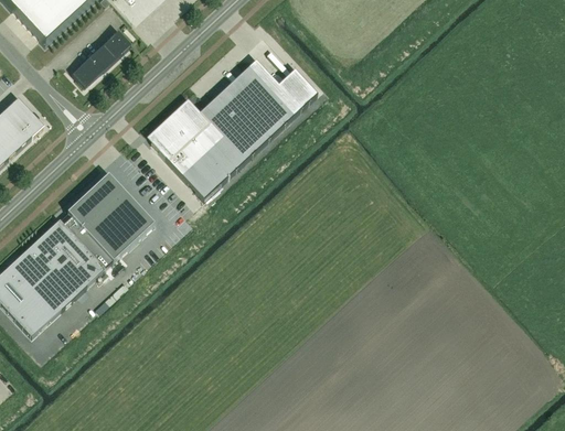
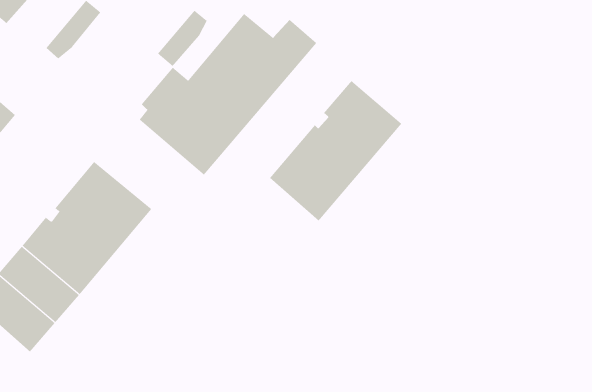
building: none -> [157,10,207,67]
building: none -> [269,80,402,221]

